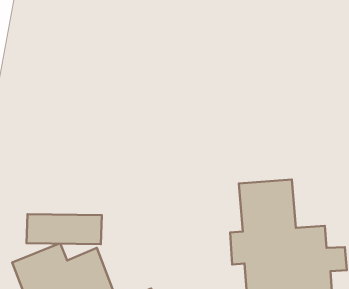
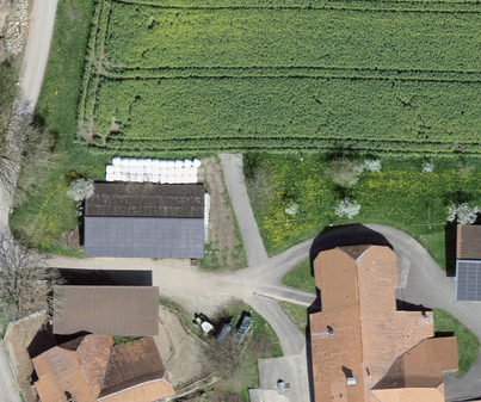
building: none -> [87,187,201,242]

